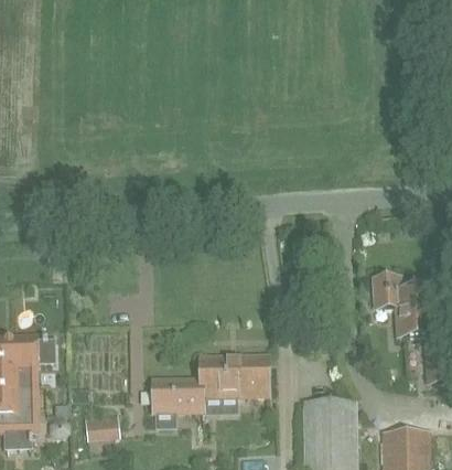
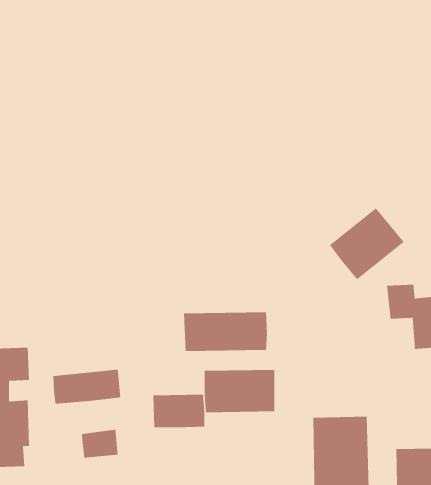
building: none -> [329,208,404,280]
building: none -> [184,311,267,352]
building: none -> [53,369,121,405]

